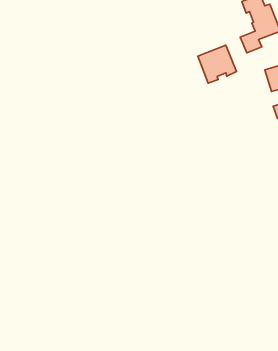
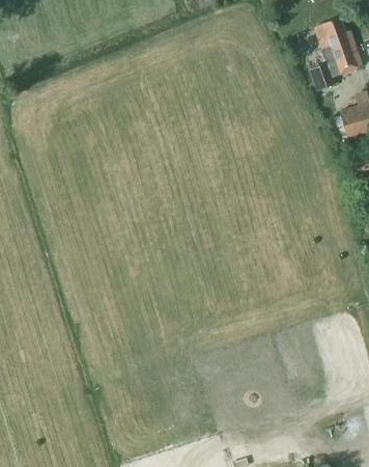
building: [198,45,237,83] -> none

